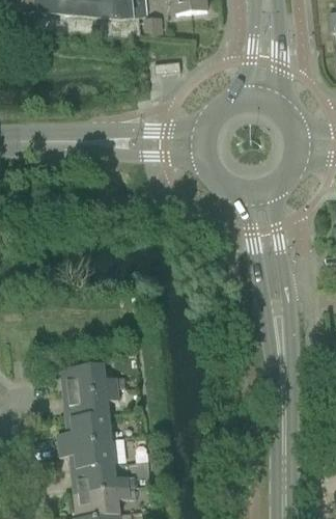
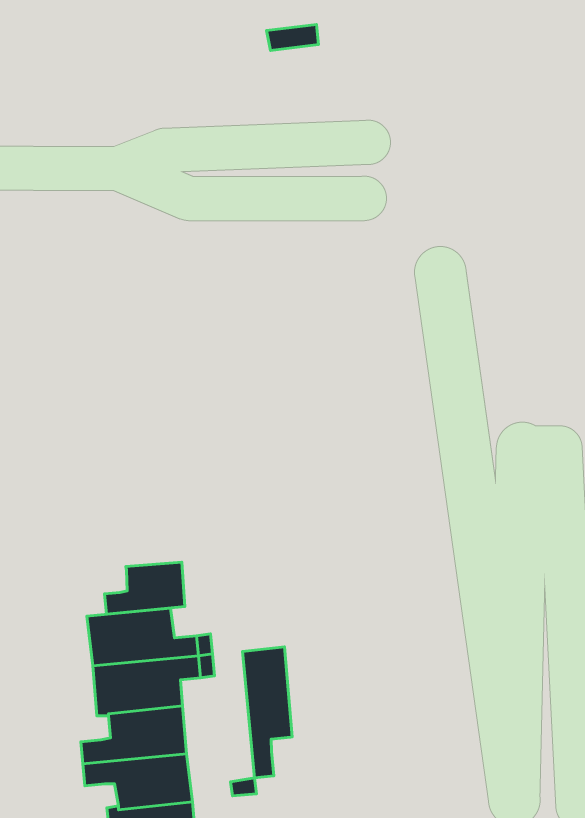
building: none -> [105,562,185,614]
building: none -> [243,647,292,778]

